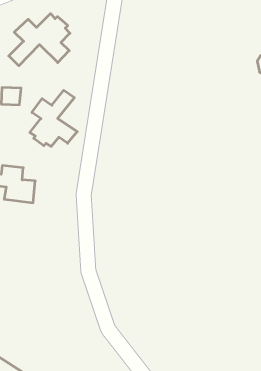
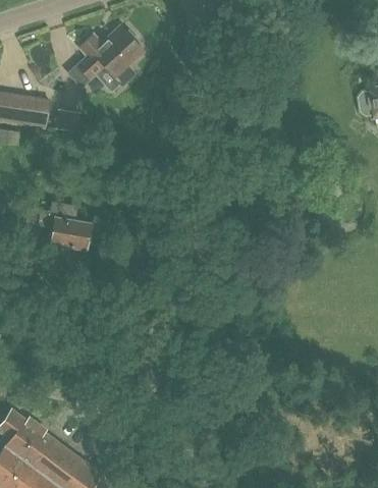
building: [30,90,77,146] -> none

